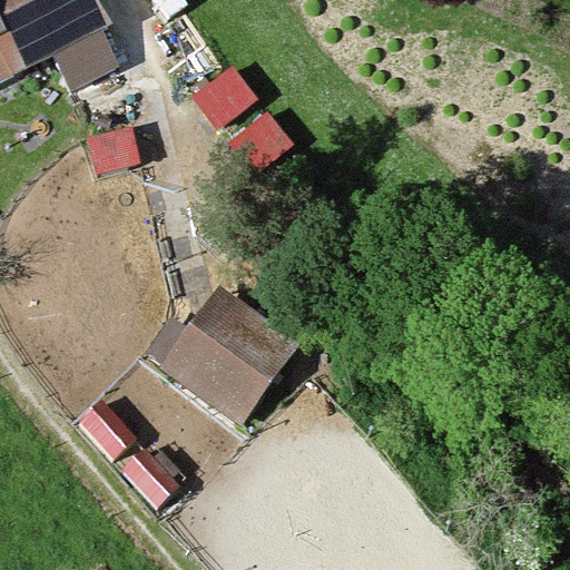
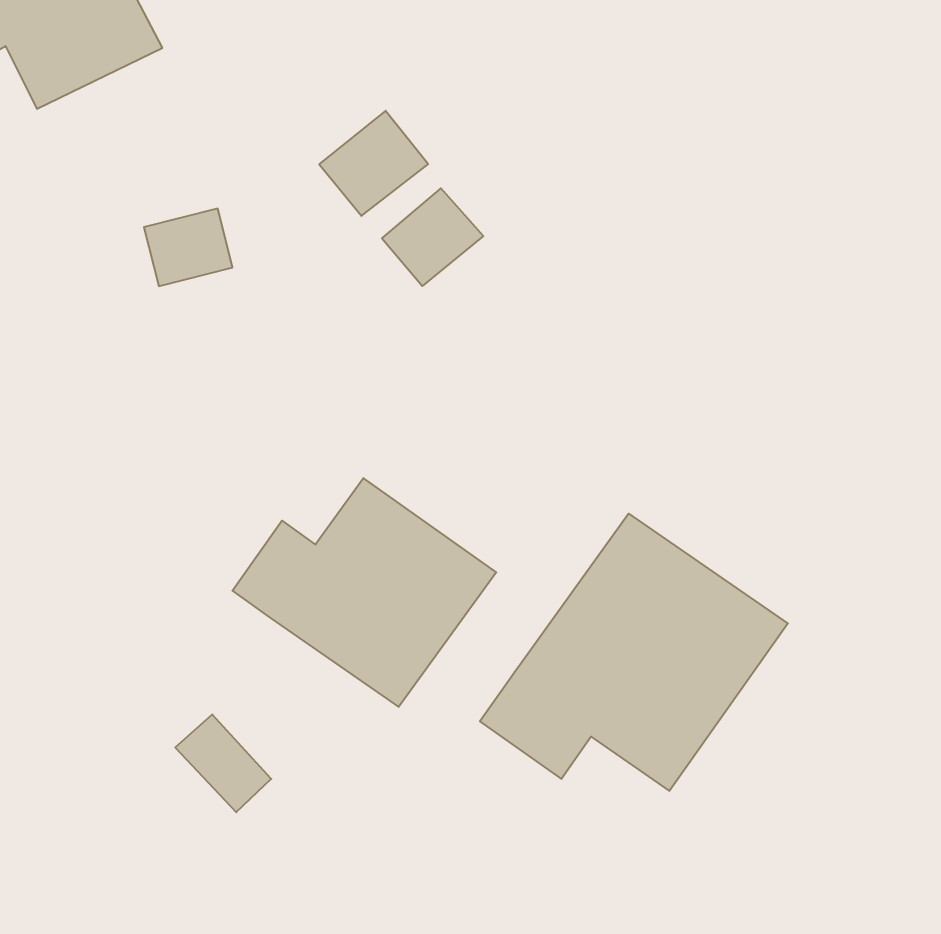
building: none -> [480,514,788,791]

